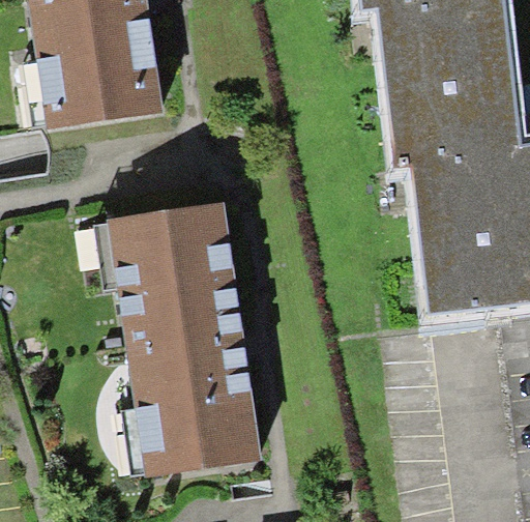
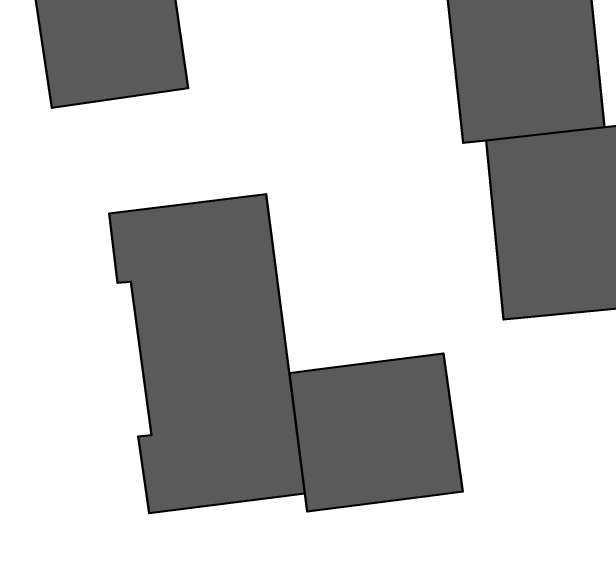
building: none -> [289,354,463,512]

